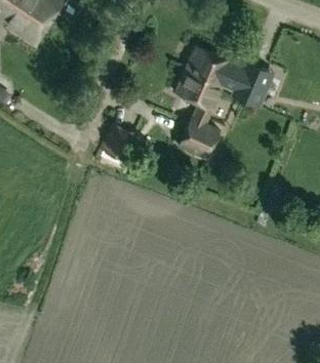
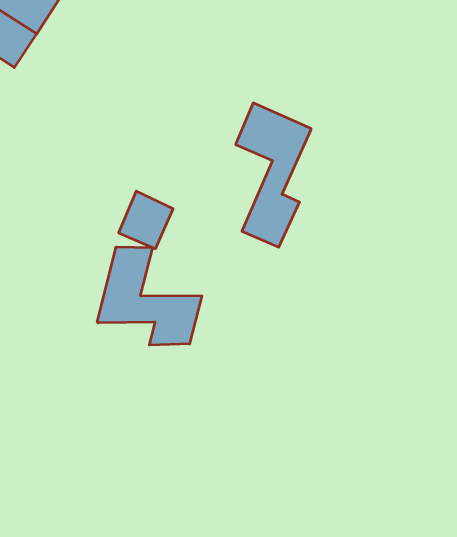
building: [187,46,268,100] -> none
building: none -> [97,247,202,345]

